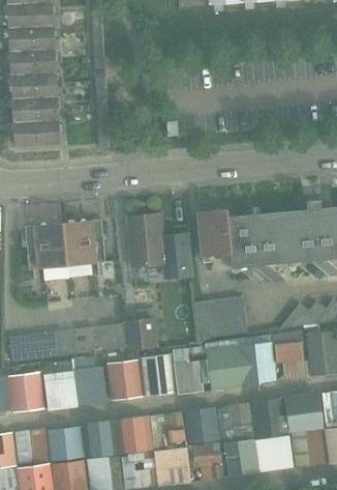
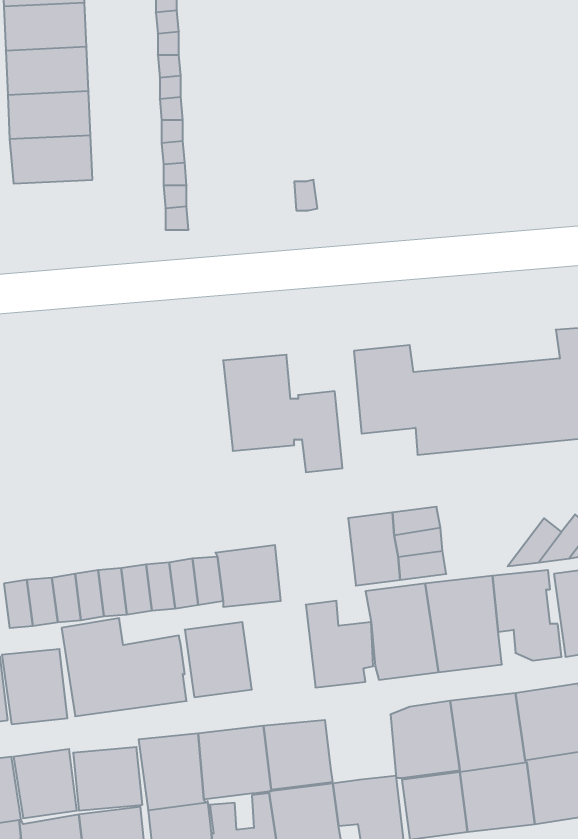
building: [14,120,59,146] -> none
building: [21,220,109,269] -> none
building: [137,352,175,399] -> none
building: [182,405,219,437] -> none

